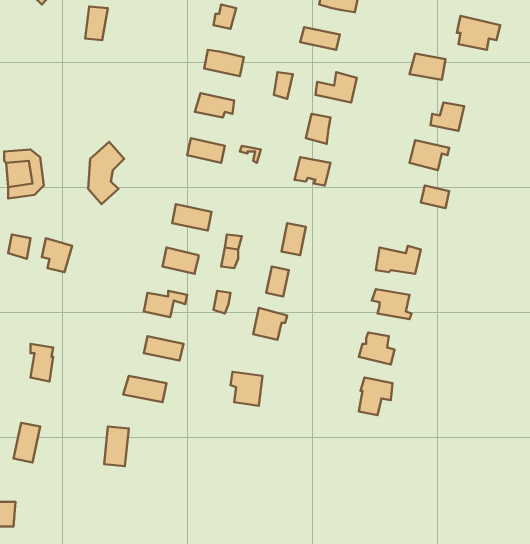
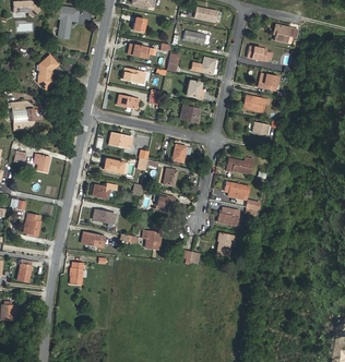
building: [88,142,124,204] -> [37,55,58,90]

